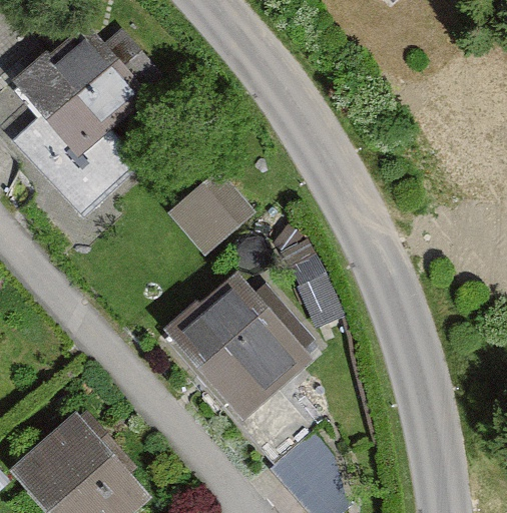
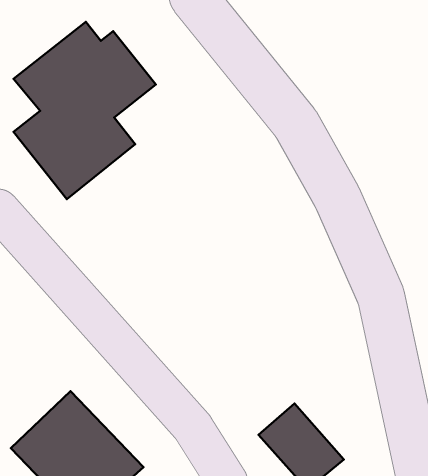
building: [165,172,254,260] -> none
building: [165,273,311,419] -> none

